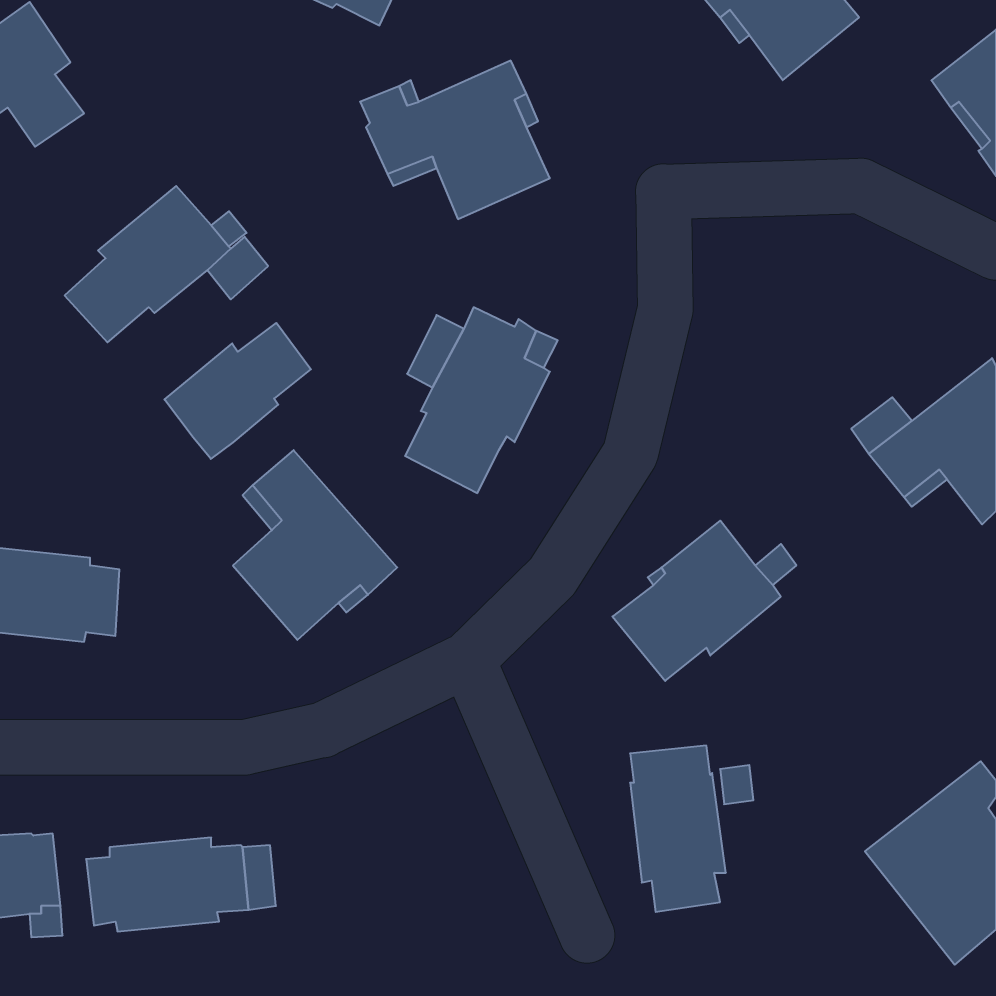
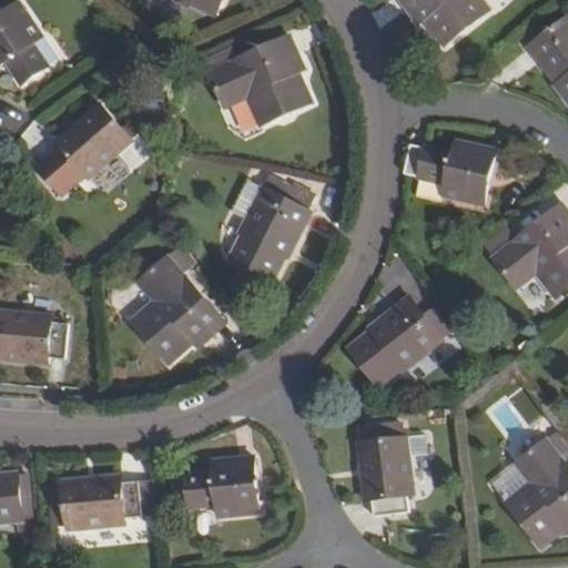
building: none -> [405,140,495,204]
building: [164,323,311,459] -> none
building: none -> [173,454,260,514]

